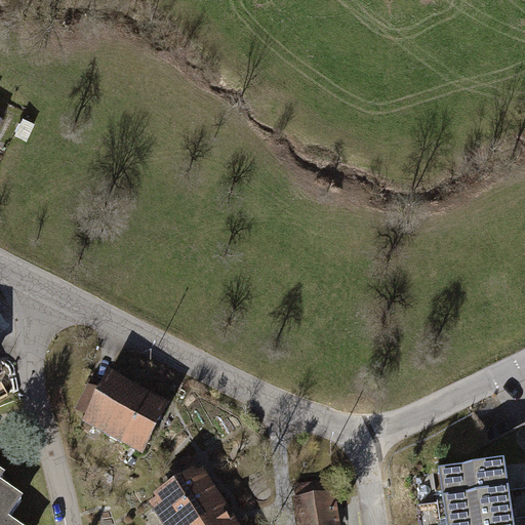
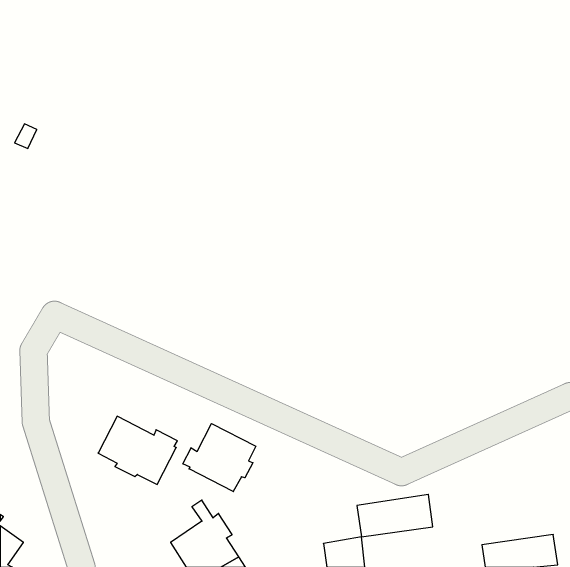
building: none -> [183,424,256,492]
building: [439,461,509,500] -> [357,494,433,537]

